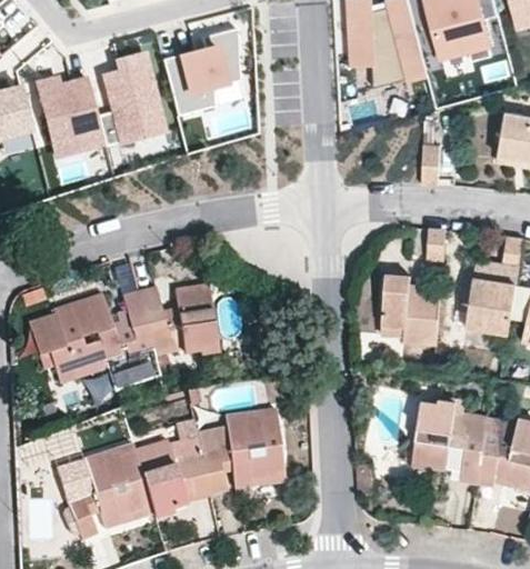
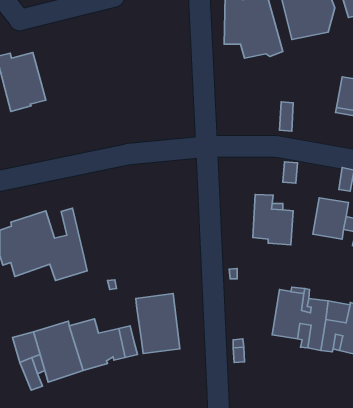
building: [160,26,237,114] -> none
building: [94,51,162,146] -> none
building: [139,283,218,356] -> none
building: [197,423,233,473] -> none

